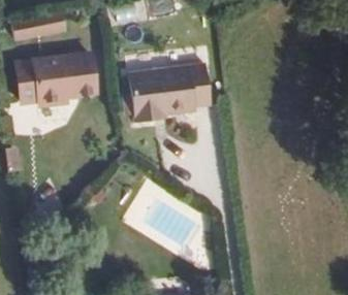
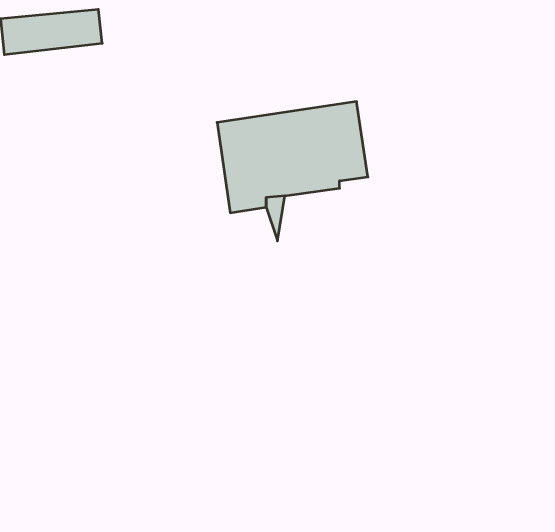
building: [22,48,102,100] -> none

